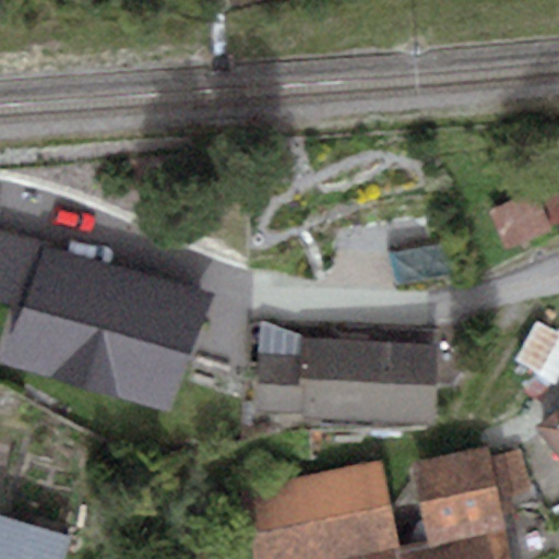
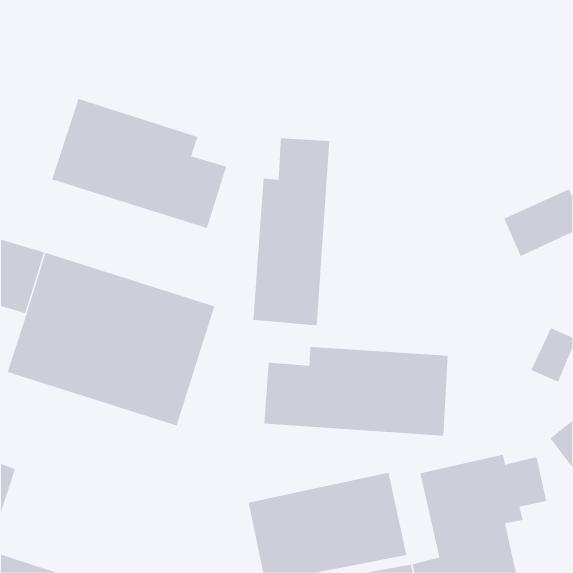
building: none -> [51,98,227,229]
building: none -> [253,137,330,326]

